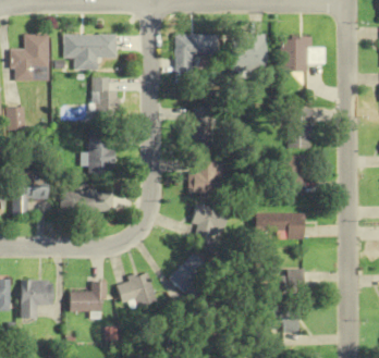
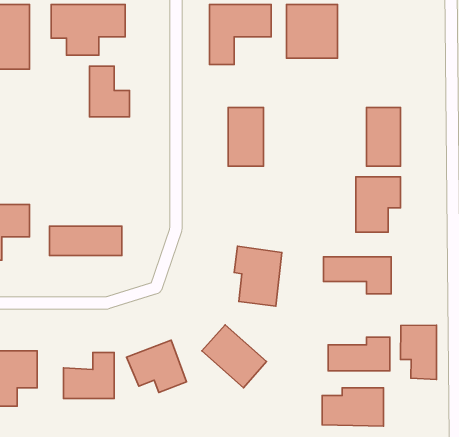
building: [280,38,306,71] -> none
building: [89,133,113,173] -> none
building: [188,158,225,193] -> none
building: none -> [401,325,437,379]

